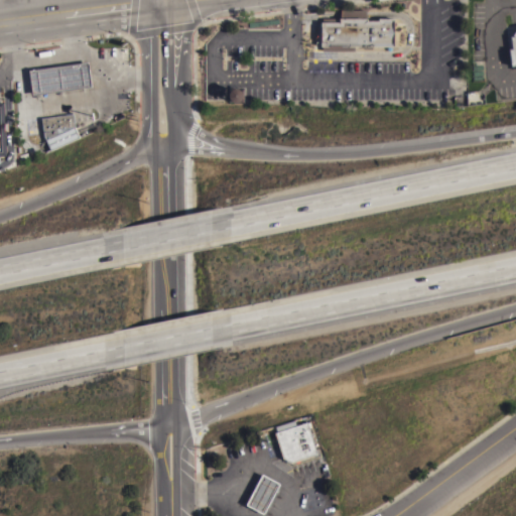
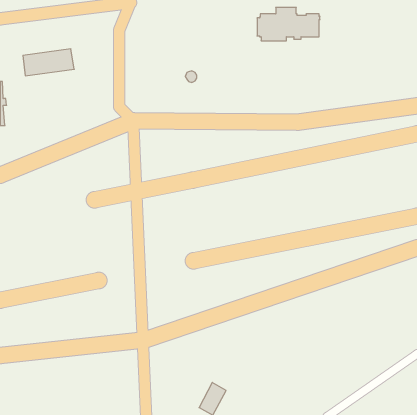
building: [41,115,80,151] -> none
building: [274,421,317,464] -> none

